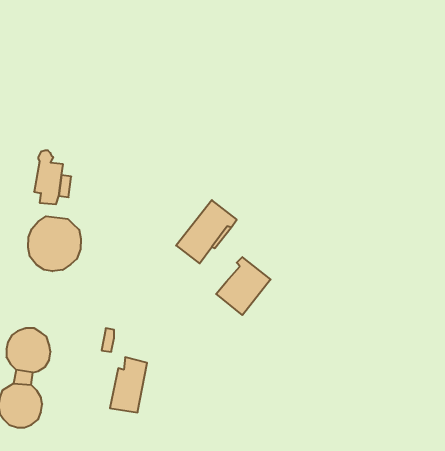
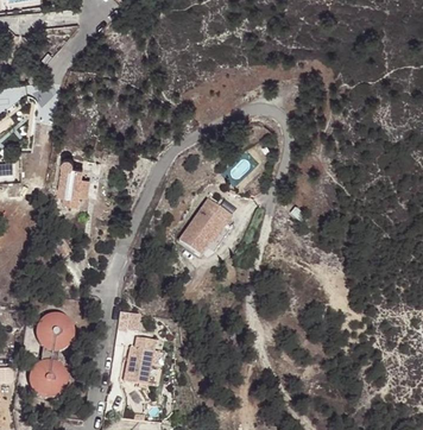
building: [28,216,81,271] -> none
building: [216,257,271,315] -> none

